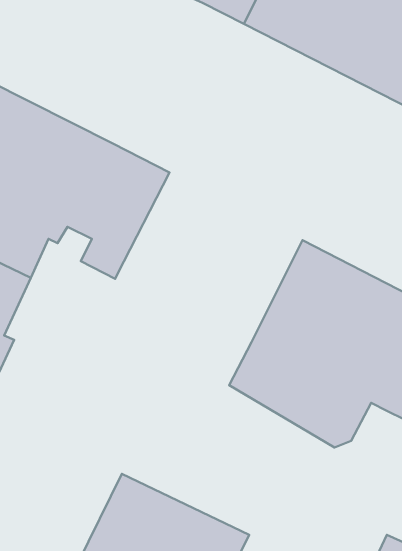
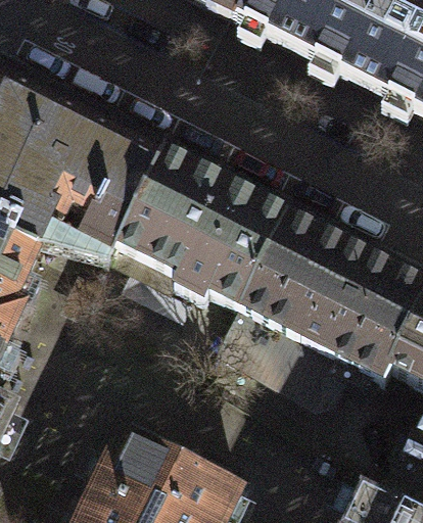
building: none -> [120,159,290,316]

